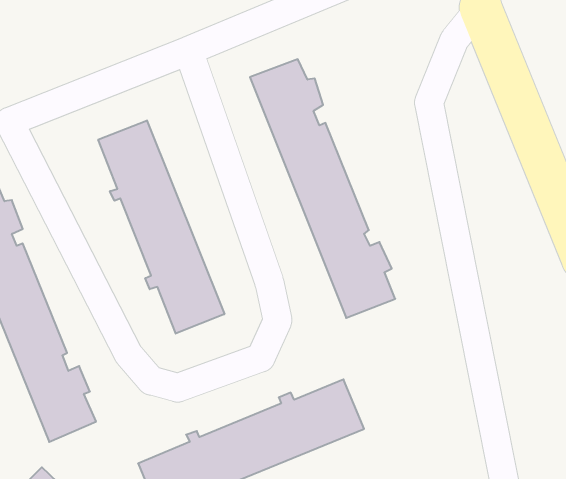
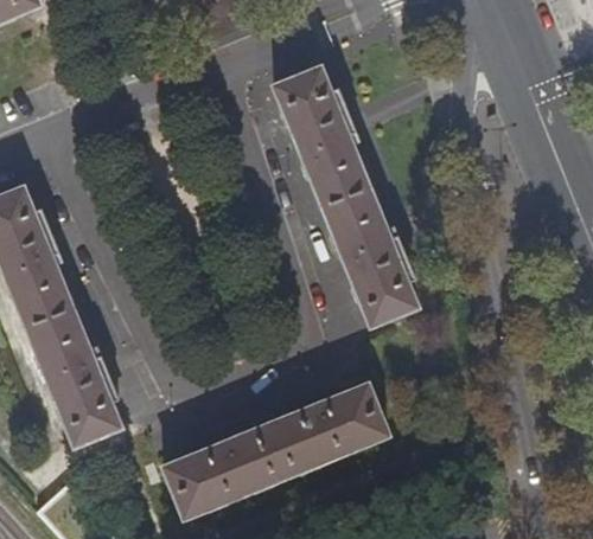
building: [98,120,224,334] -> none

